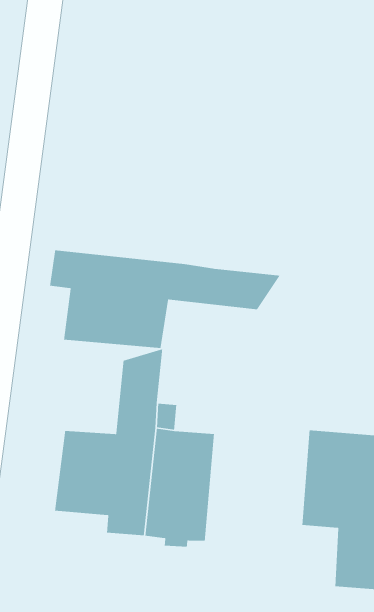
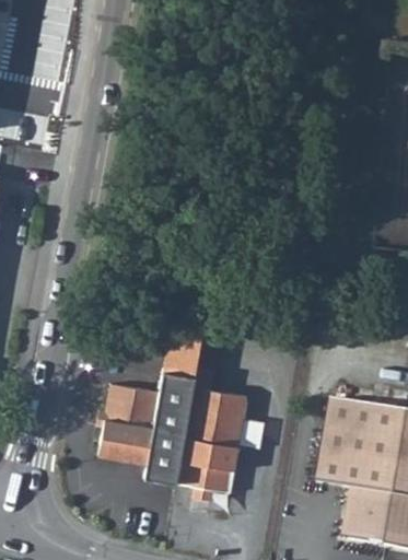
building: [49,249,281,349] -> none

